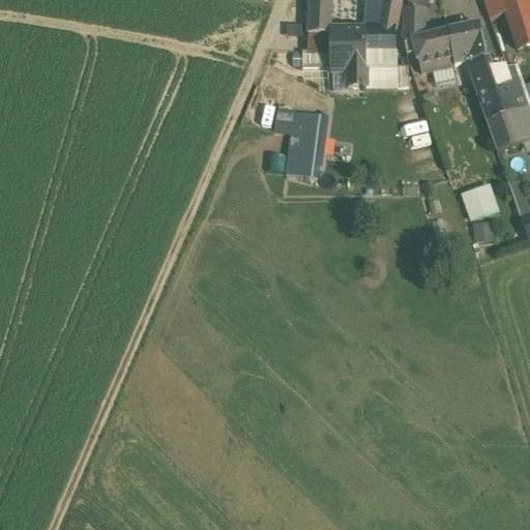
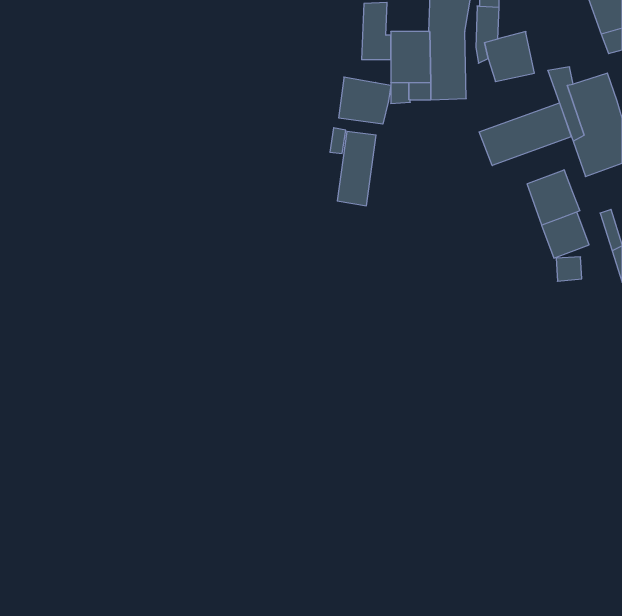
building: [447,22,484,62] -> none
building: none -> [339,77,391,124]
building: none -> [479,103,571,166]
building: none -> [527,170,580,225]

